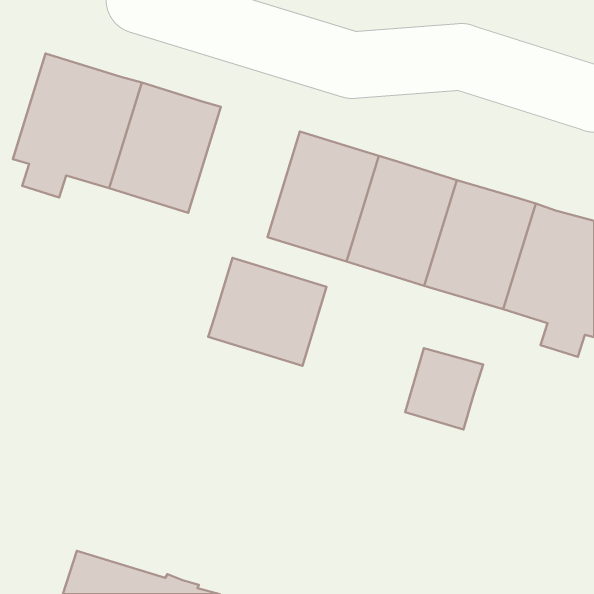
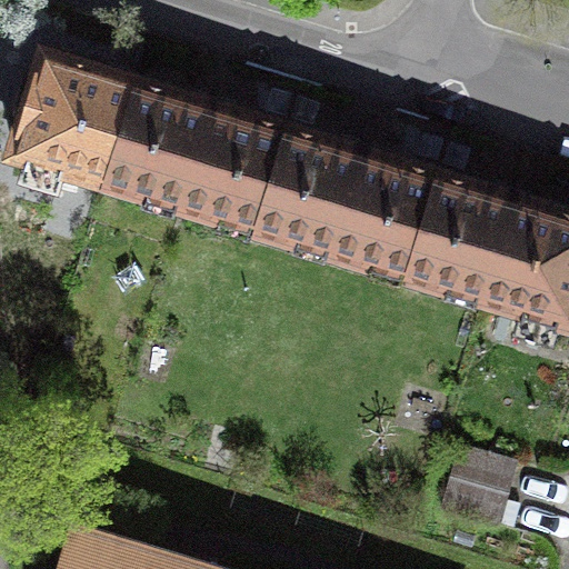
building: none -> [180,102,287,227]
building: [208,258,327,366] -> none
building: [405,348,483,430] -> [442,445,517,522]

